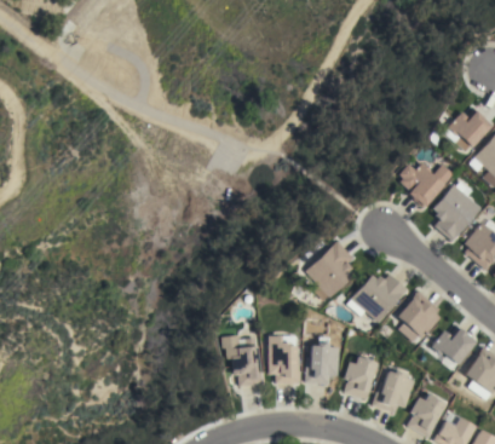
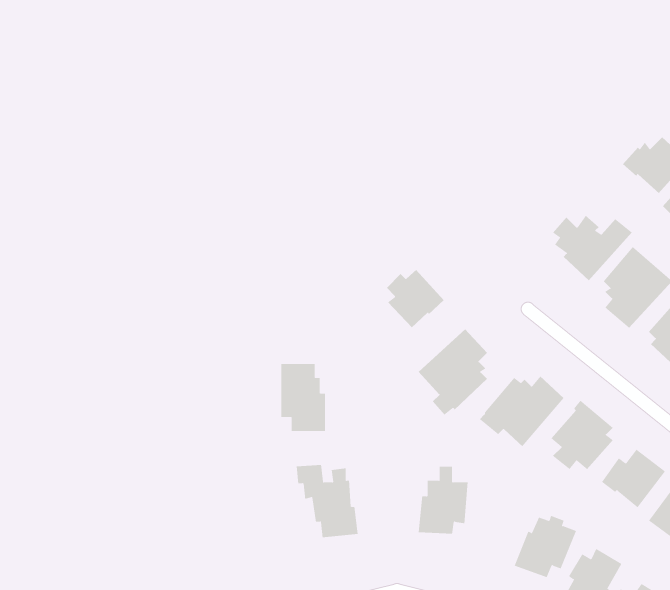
building: none -> [386,269,445,328]
building: [269,336,300,384] -> [280,363,326,432]
building: [344,357,376,399] -> none

